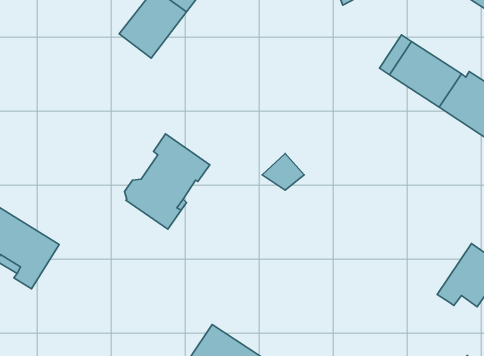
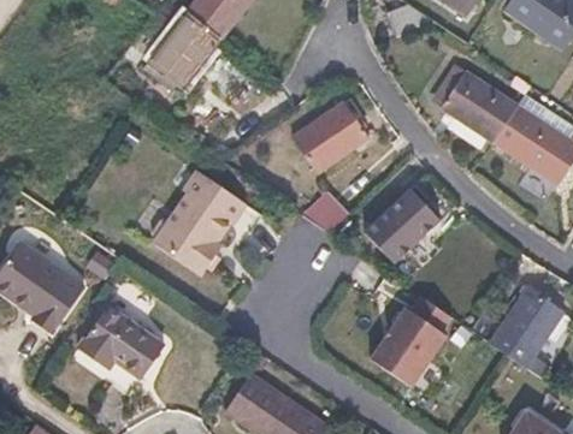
building: none -> [291,99,368,172]
building: none -> [365,190,441,264]
building: none -> [368,295,451,388]
building: none -> [75,313,160,384]

